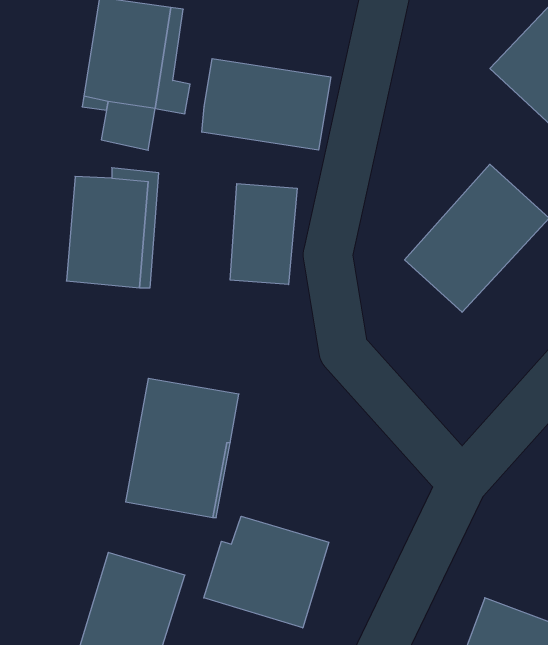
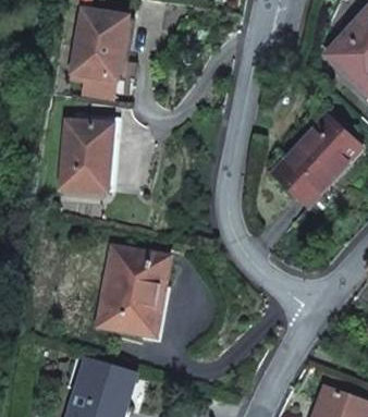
building: [202,59,331,150] -> none
building: [230,184,297,285] -> none
building: [204,516,329,628] -> none

